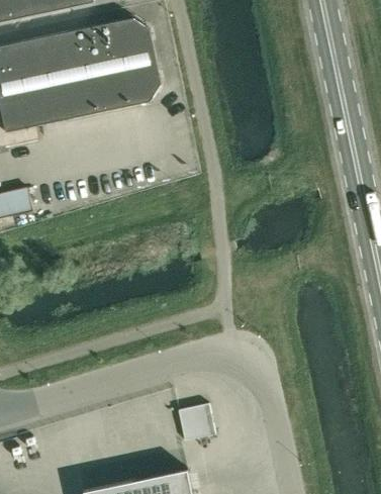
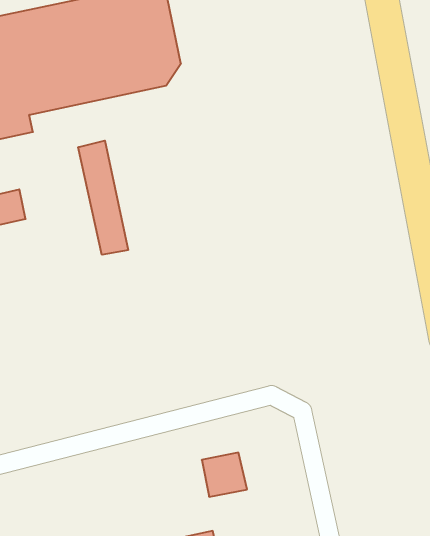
building: none -> [78,141,128,255]

